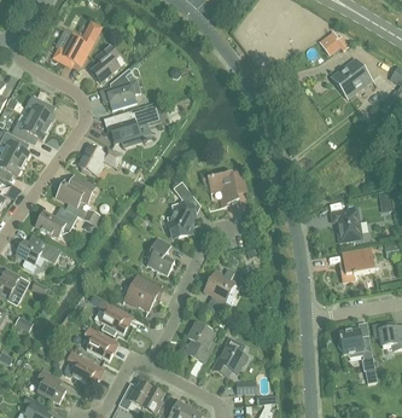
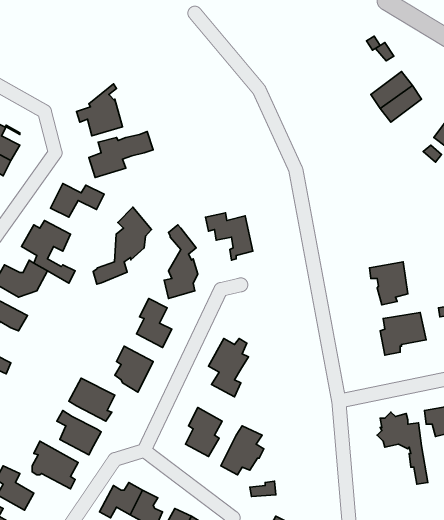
building: [53,22,100,64] -> none
building: [89,43,118,82] -> none
building: none -> [93,207,152,284]

